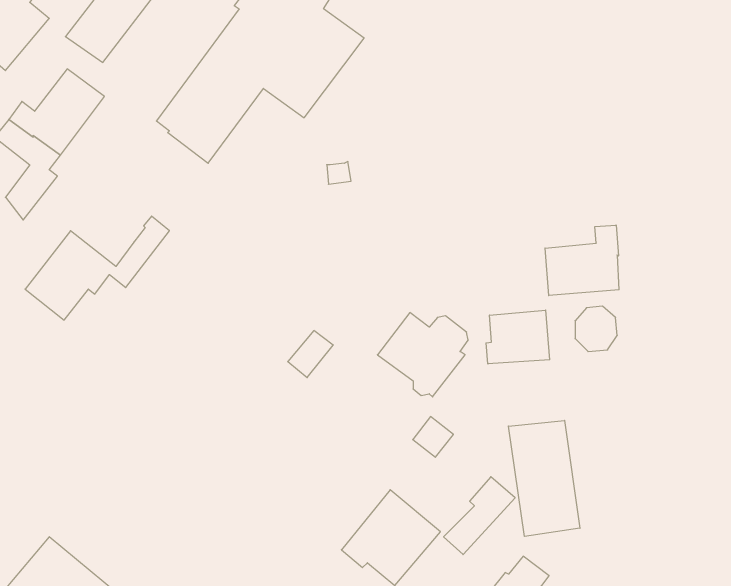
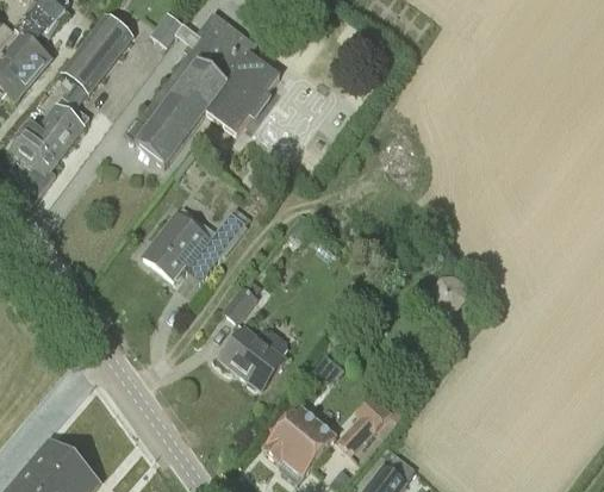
building: [25,216,169,320] -> [144,204,250,280]
building: [545,225,619,296] -> none
building: [486,310,550,364] -> none
building: [377,313,468,397] -> [220,328,287,390]
building: [508,420,580,536] -> none

